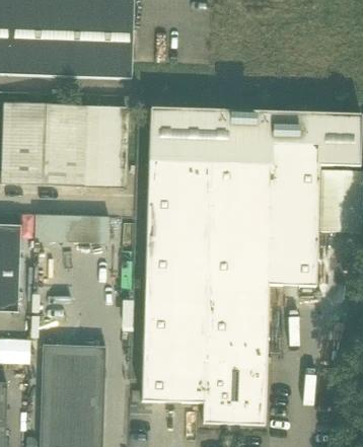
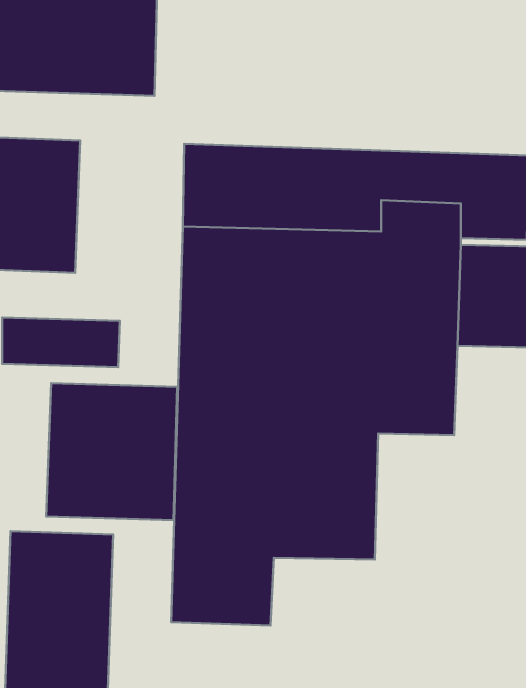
building: [82,104,126,187] -> none
building: none -> [46,383,177,520]
building: [202,360,266,424] -> none

